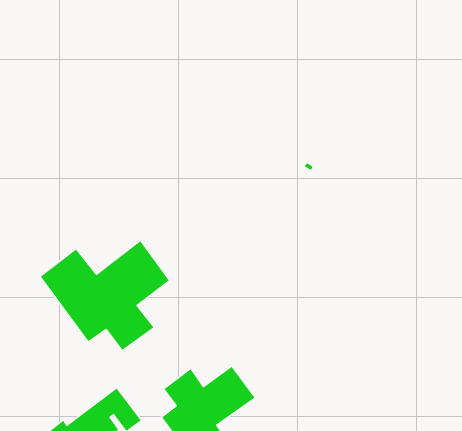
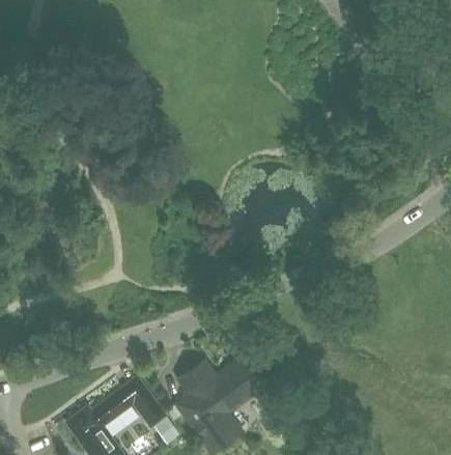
building: [40,240,170,351] -> none

